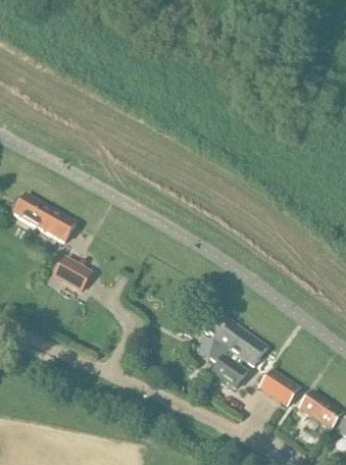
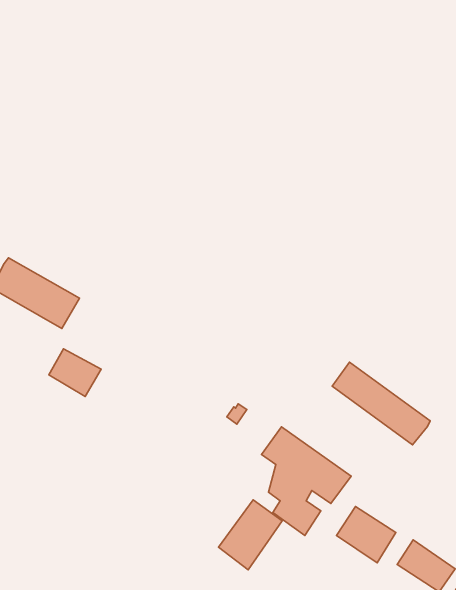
building: none -> [332,362,430,445]
building: none -> [219,500,282,570]

